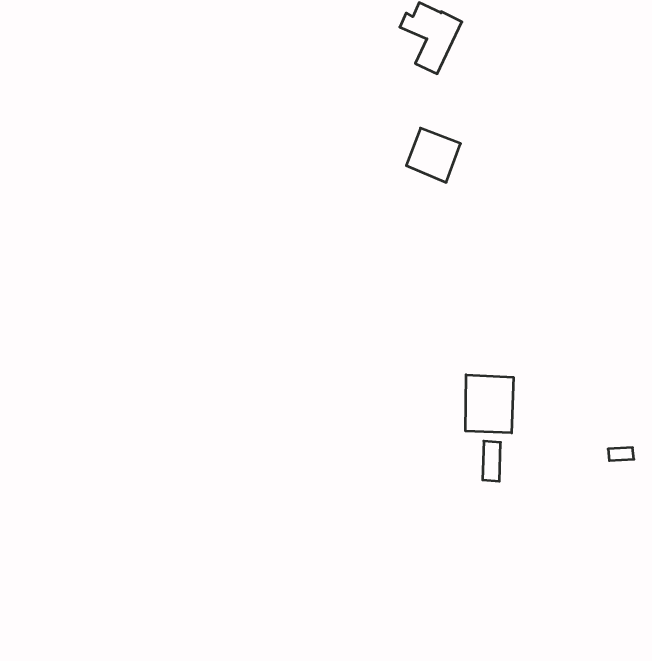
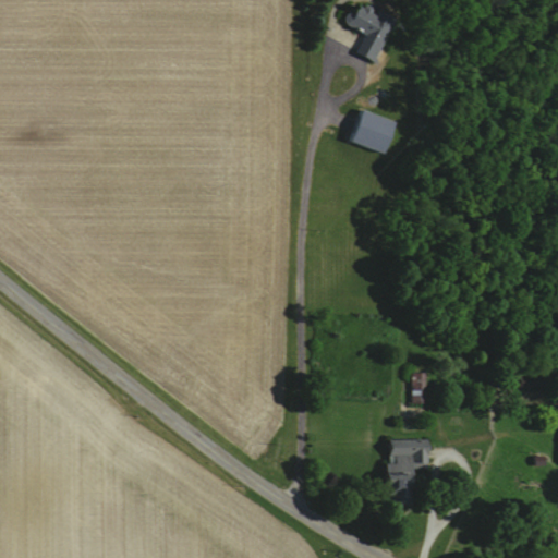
building: [466,375,513,433] -> none
building: none -> [385,438,427,497]

